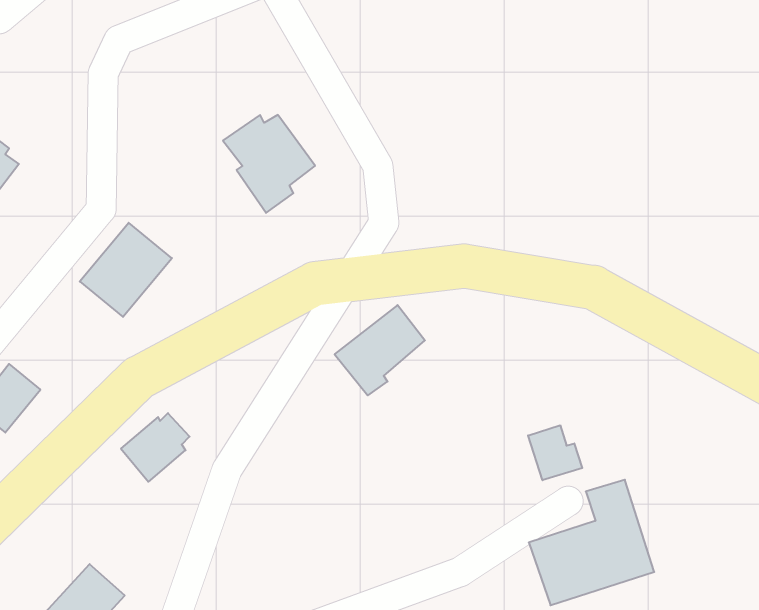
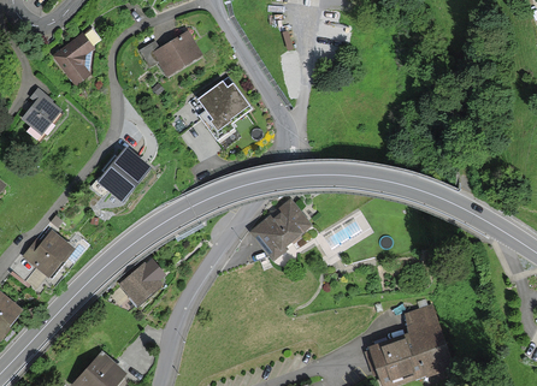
building: none -> [144,31,189,75]
building: none -> [55,35,93,84]
building: [528,425,582,480] -> none

